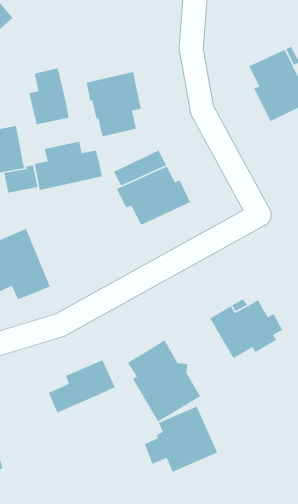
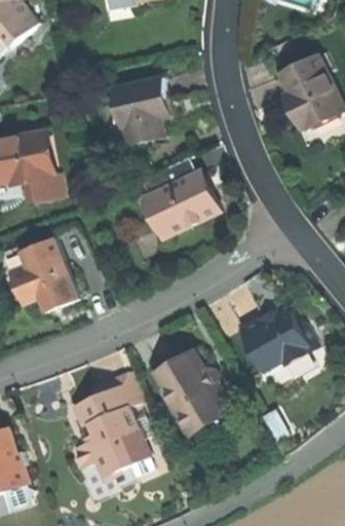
building: [28,67,70,125] -> none
building: [34,141,103,191] -> none
building: [144,406,218,473] -> [73,407,149,476]

